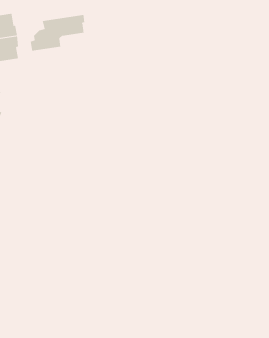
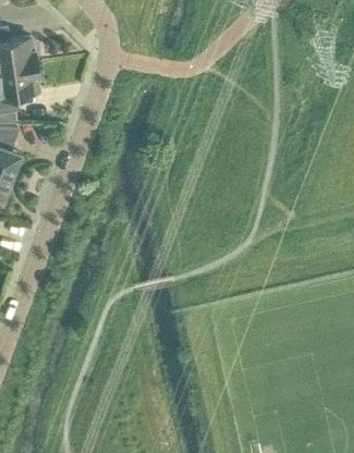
building: [30,14,85,52] -> none

